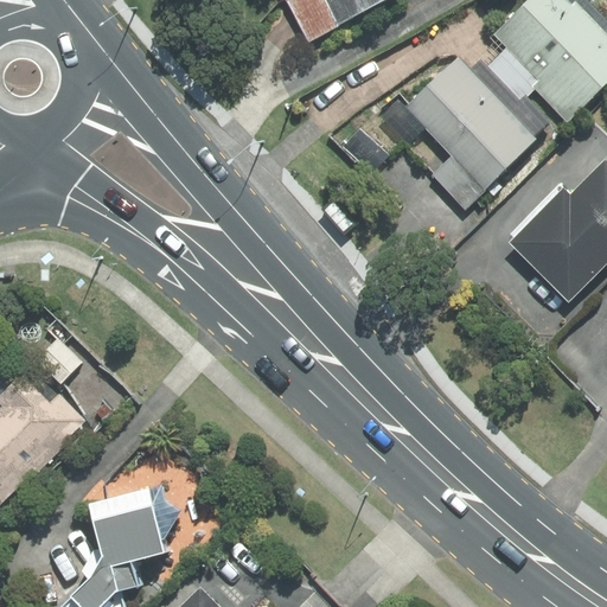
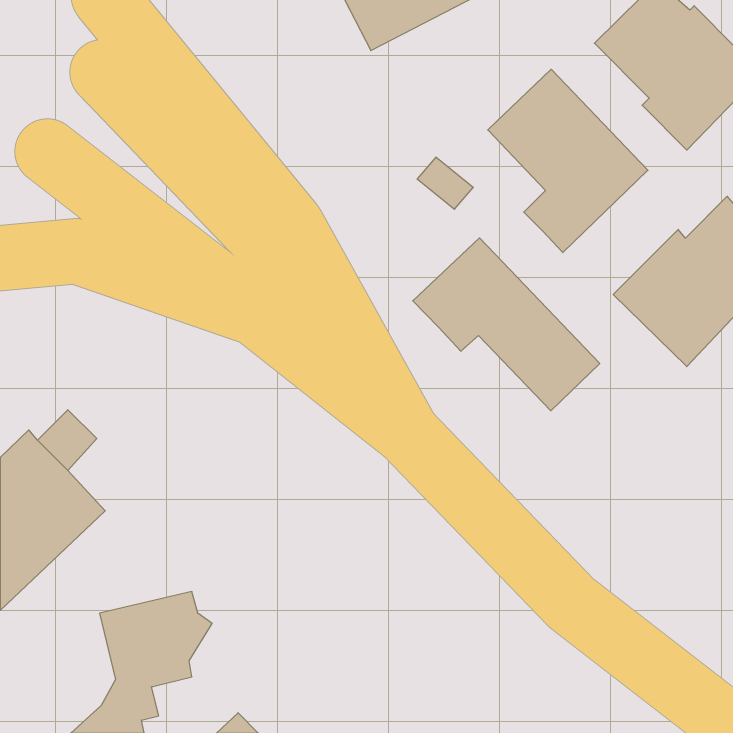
building: none -> [413,238,600,411]

